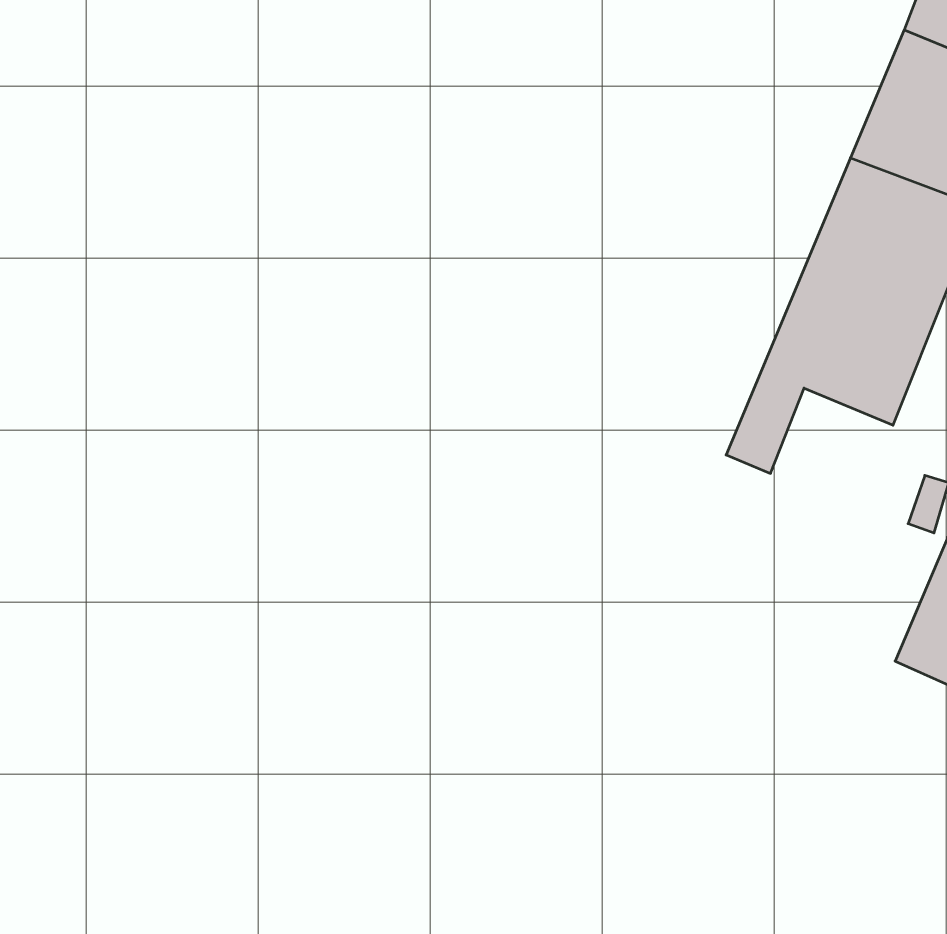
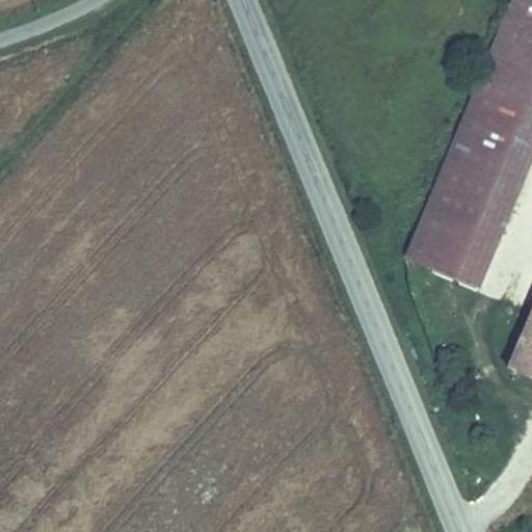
building: none -> [432,217,501,285]

